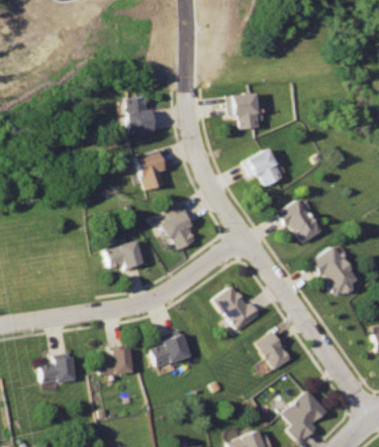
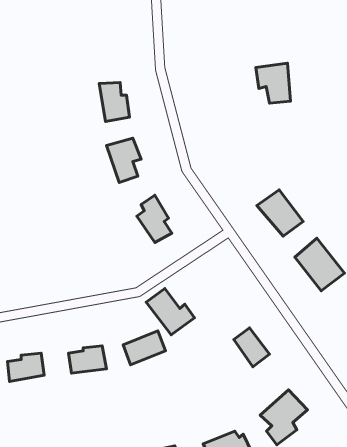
building: [227,91,261,129] -> [256,63,291,103]
building: [245,148,285,187] -> none
building: [106,240,146,270] -> none
building: [215,287,262,331] -> [146,288,194,335]

